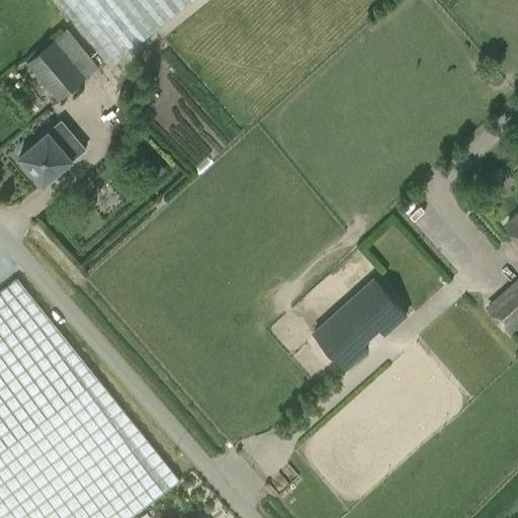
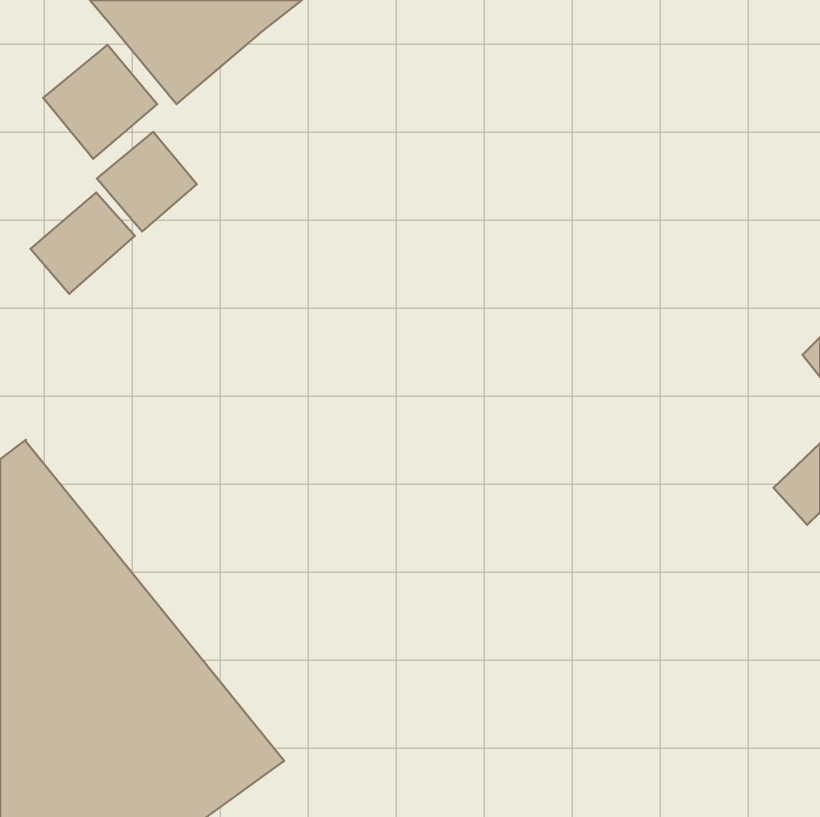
building: none -> [97,132,197,231]
building: [314,280,407,371] -> none

